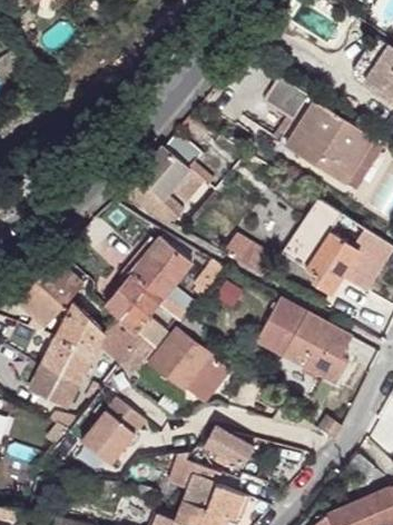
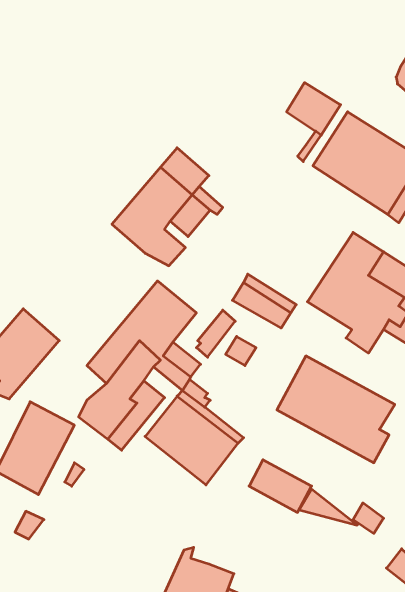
building: [59,303,105,353] -> none
building: [81,397,146,464] -> none
building: [205,425,255,467] -> [249,460,312,512]

